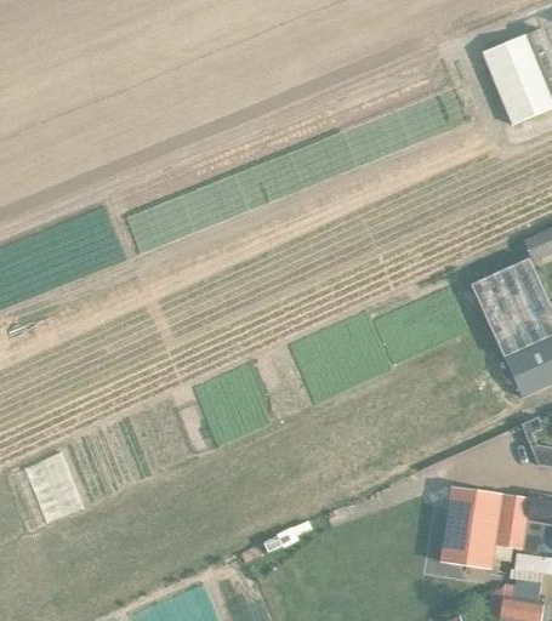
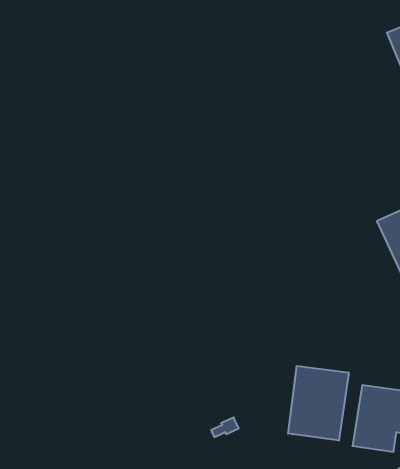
building: none -> [288,366,349,441]

